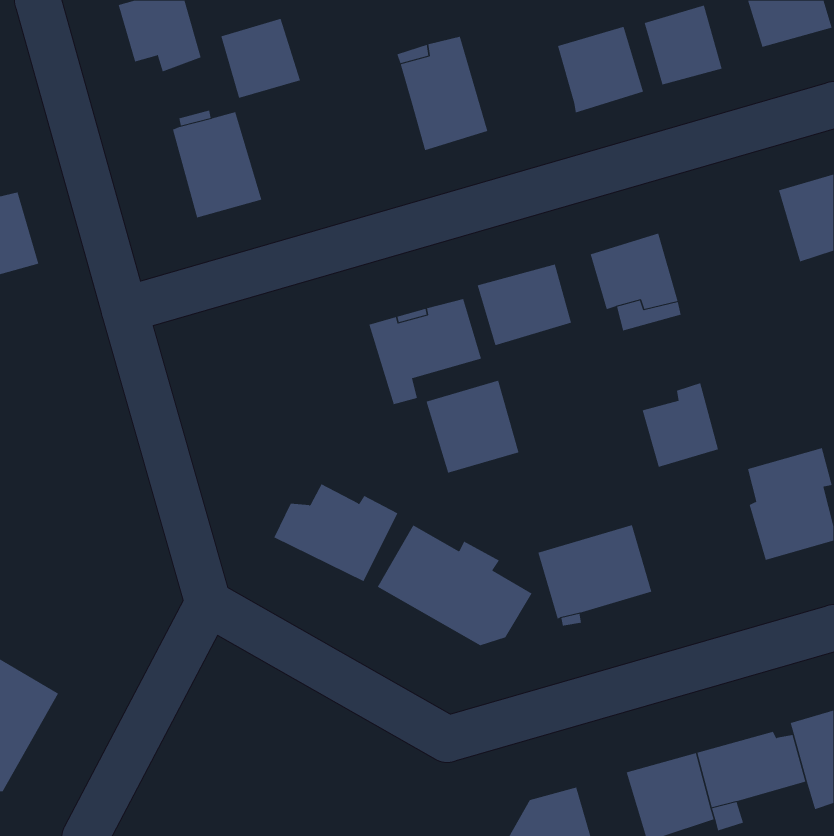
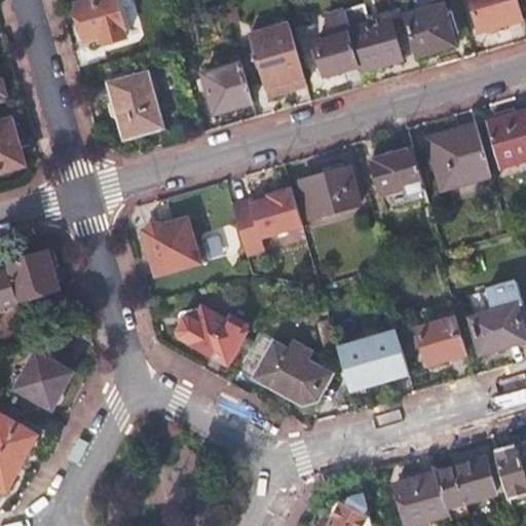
building: none -> [315,11,360,75]
building: [220,18,301,98] -> [202,63,253,113]
building: none -> [425,122,490,188]
building: none -> [142,215,209,276]
building: [426,380,519,473] -> none
building: [642,382,719,468] -> [417,310,465,364]
building: none -> [7,252,59,302]
building: none -> [16,353,73,410]

